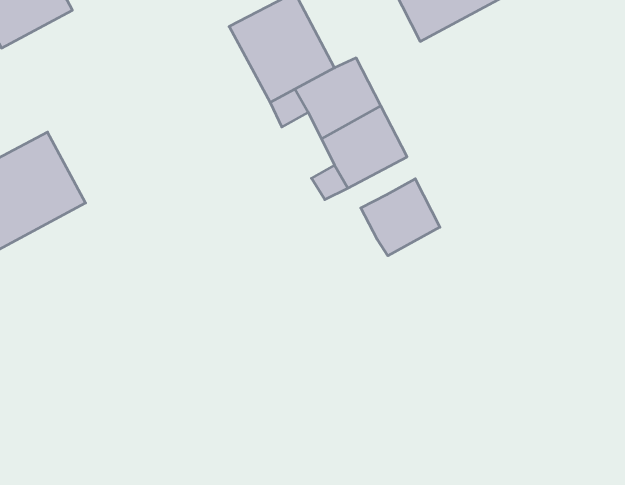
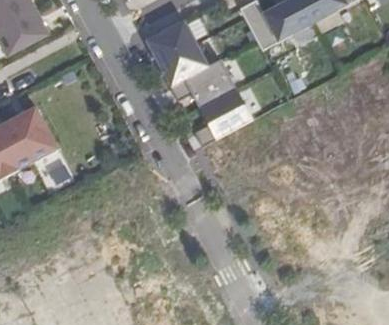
building: [361,179,440,256] -> none

